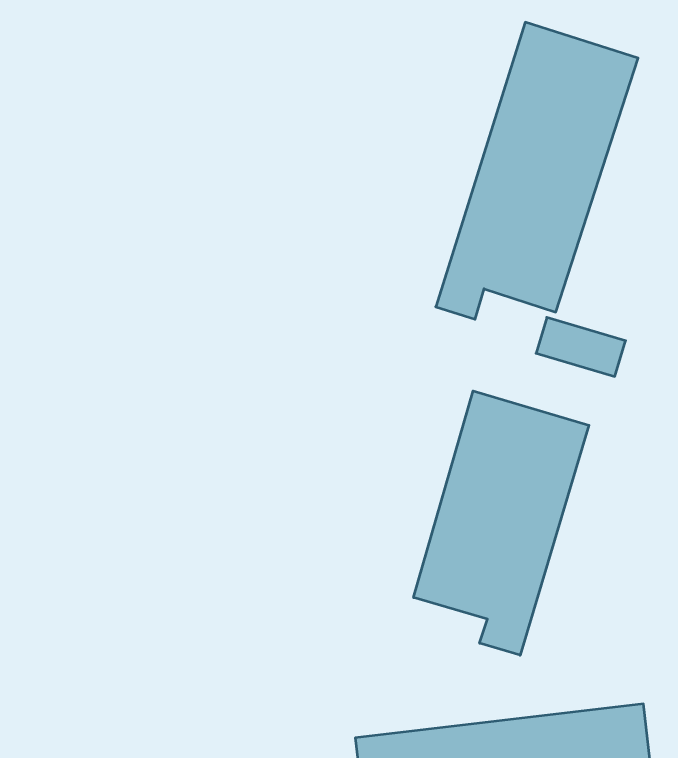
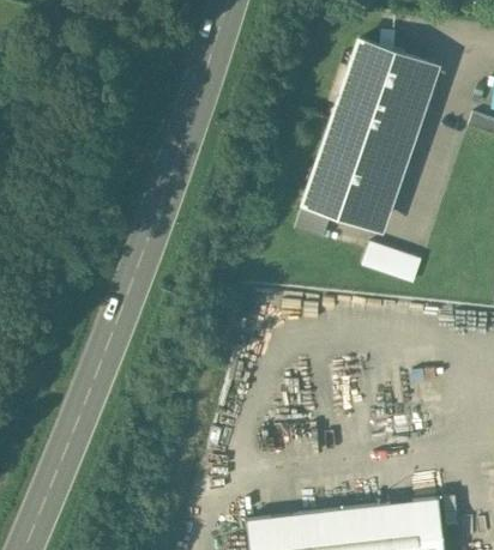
building: [414,391,589,655] -> none

